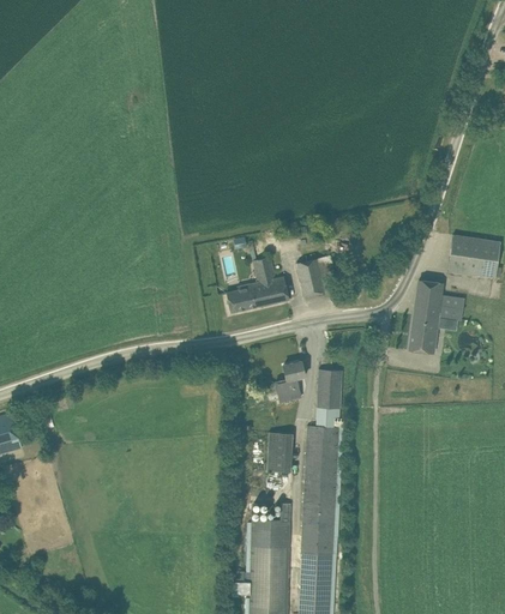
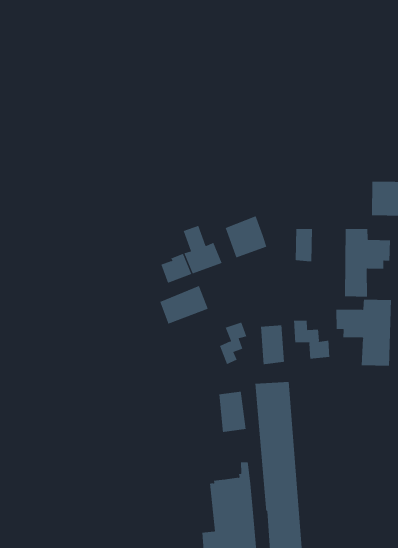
building: none -> [295,228,313,262]
building: none -> [160,285,208,324]
building: none -> [336,299,392,366]
building: none -> [293,320,330,360]

